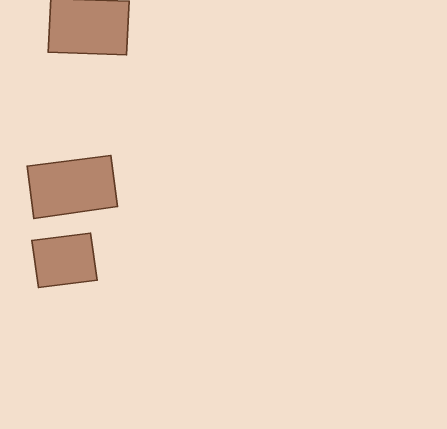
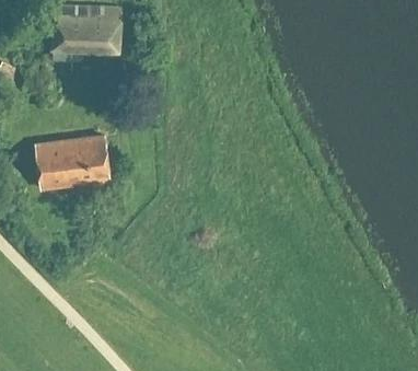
building: [32,233,97,288] -> none

